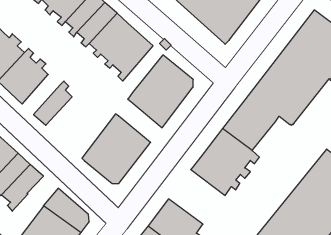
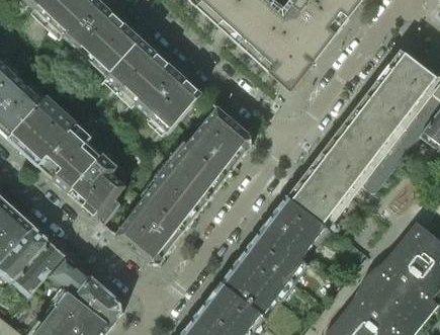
building: none -> [39,122,86,177]
building: none -> [69,151,125,223]
building: none -> [155,158,212,212]
building: none -> [221,245,290,313]
building: none -> [46,253,84,290]

